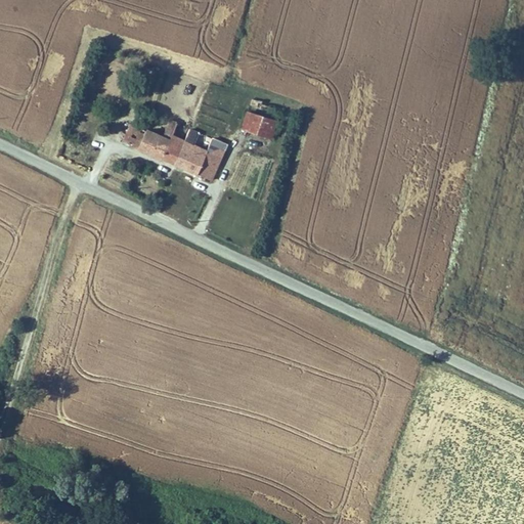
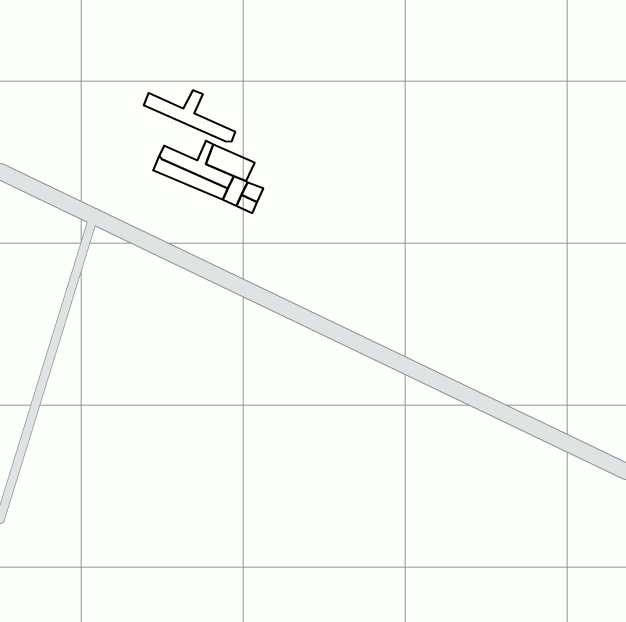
building: none -> [144,90,235,142]
building: [241,112,278,142] -> none

